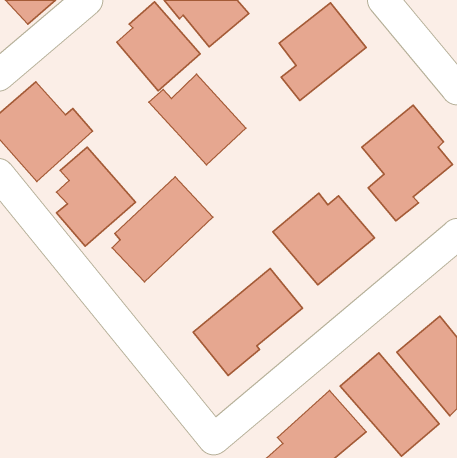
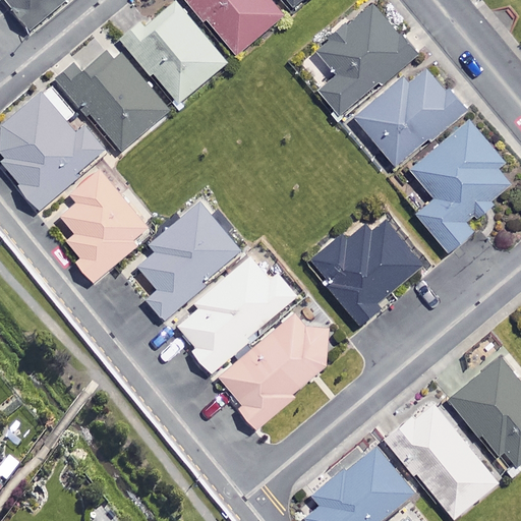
building: none -> [356,64,462,165]
building: [149,74,246,165] -> [58,48,168,151]
building: none -> [175,256,296,371]

